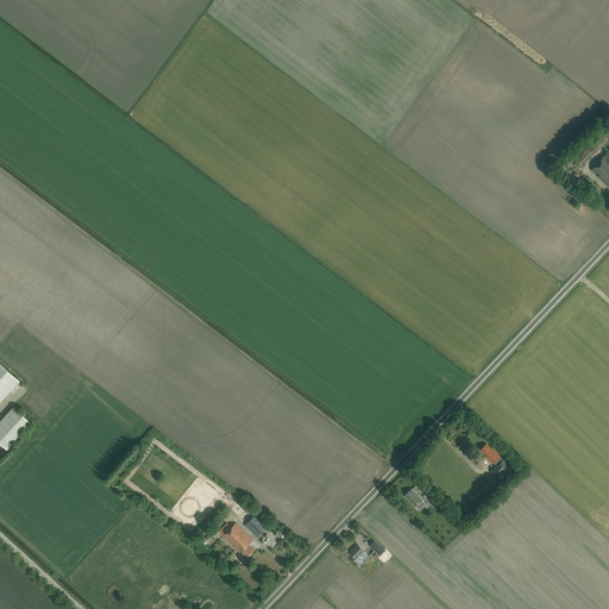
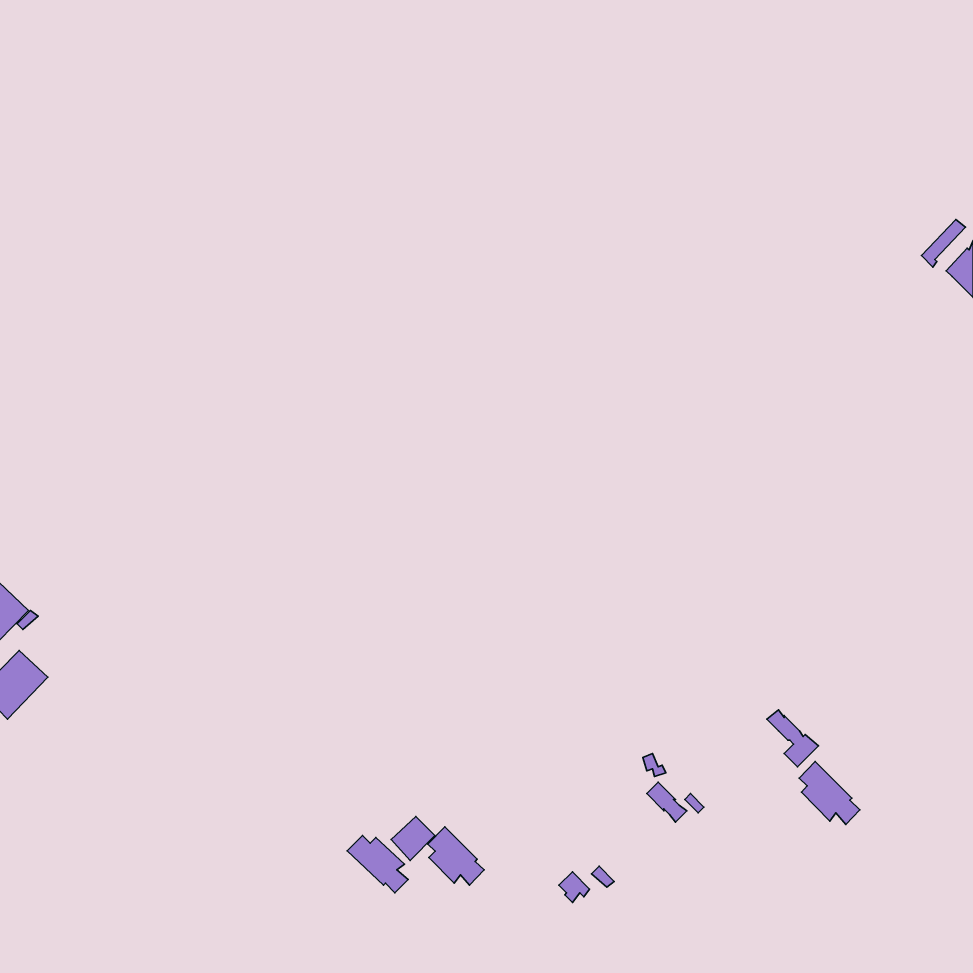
building: none -> [799,762,860,825]
building: none -> [428,827,484,885]

